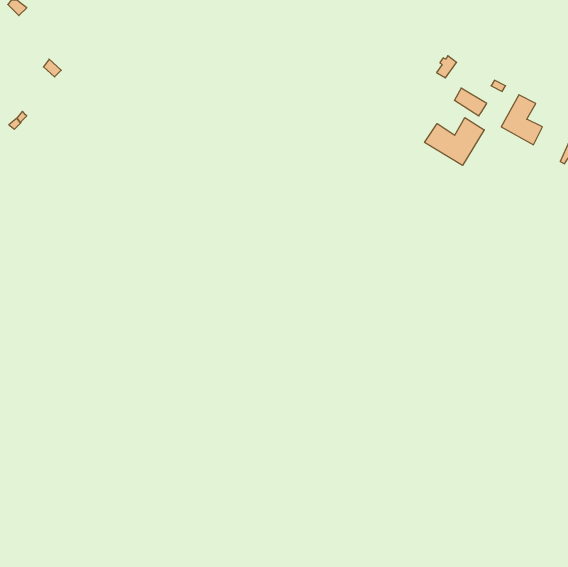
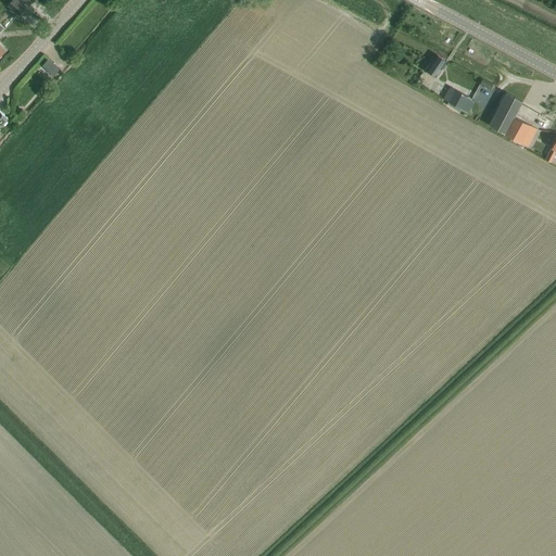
building: [425,118,484,165] -> none

